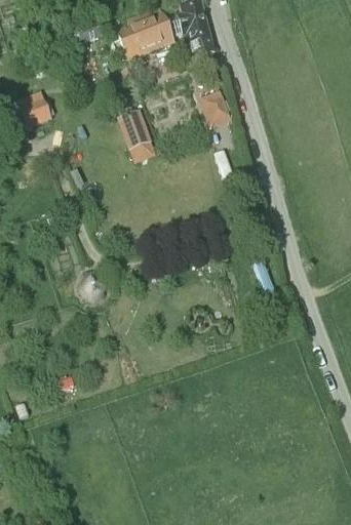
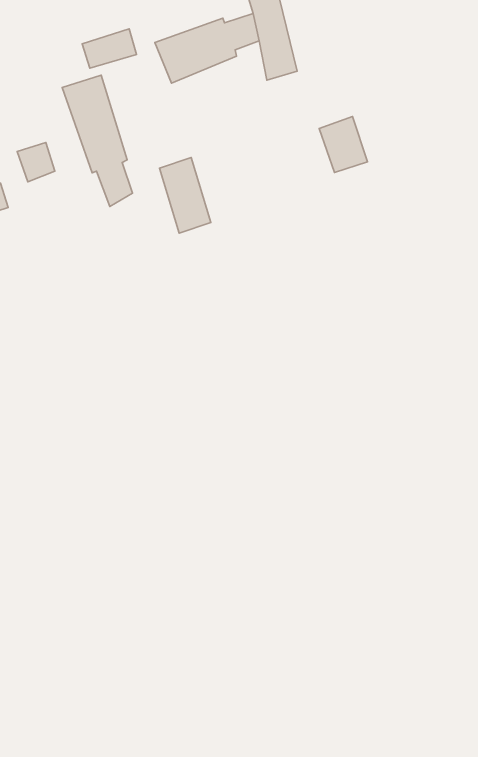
building: none -> [62,75,132,206]
building: [198,87,231,125] -> [319,116,368,172]

